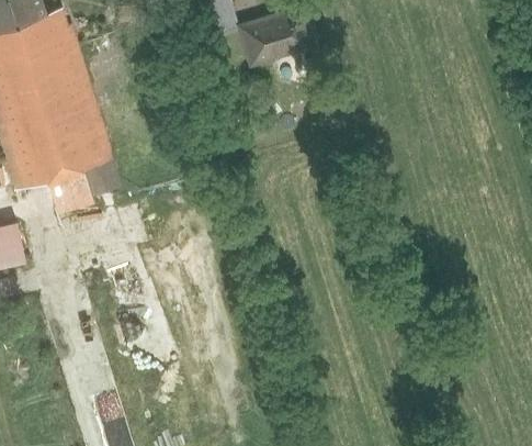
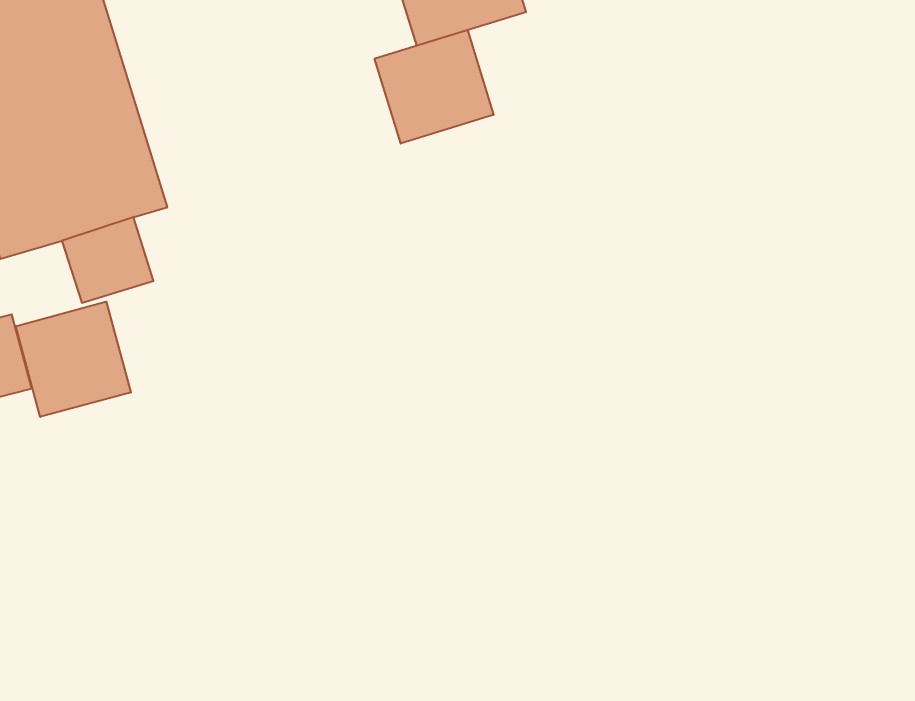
building: none -> [375,30,494,144]
building: none -> [16,302,131,417]

